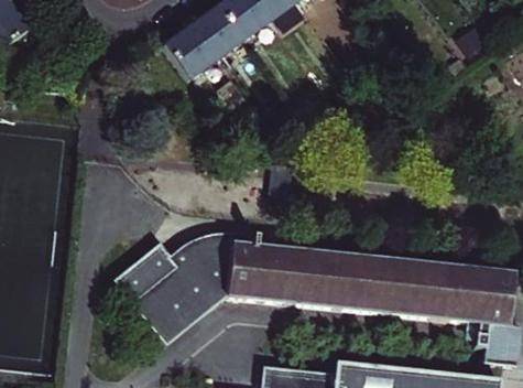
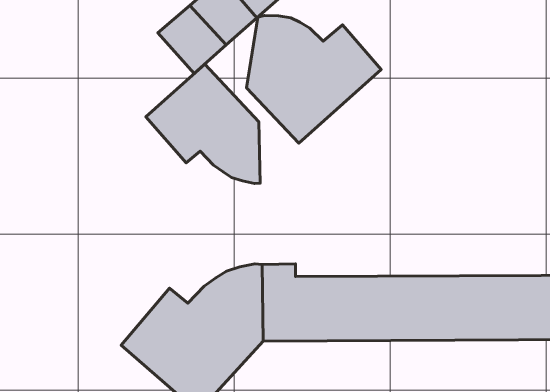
building: none -> [246,16,381,143]
building: none -> [146,64,260,184]

